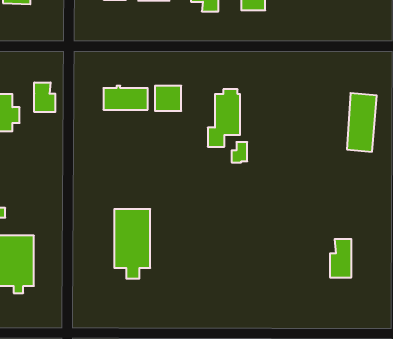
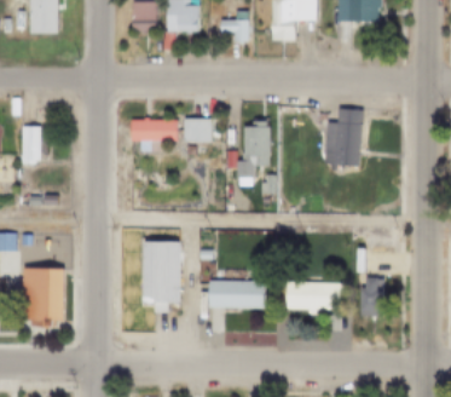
building: [34,82,55,112] -> none
building: [347,93,377,152] -> [334,108,364,167]
building: none -> [201,270,264,306]
building: none -> [288,275,341,309]

